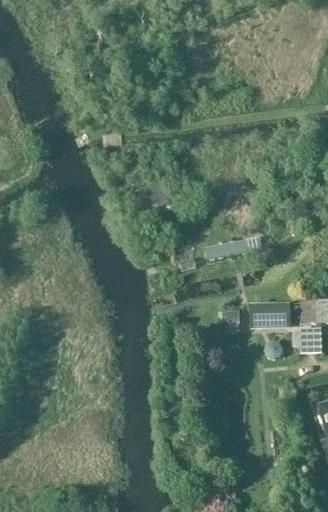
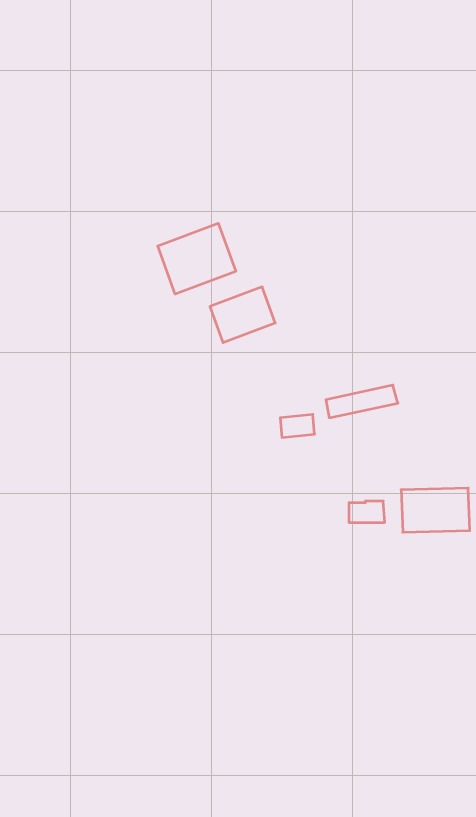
building: none -> [158,223,236,294]

